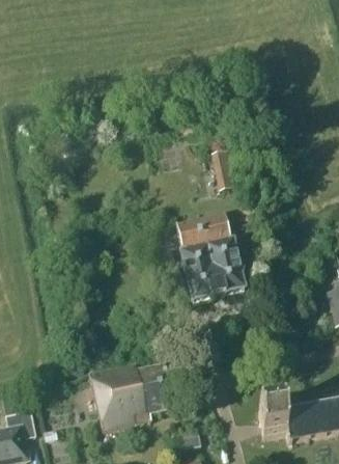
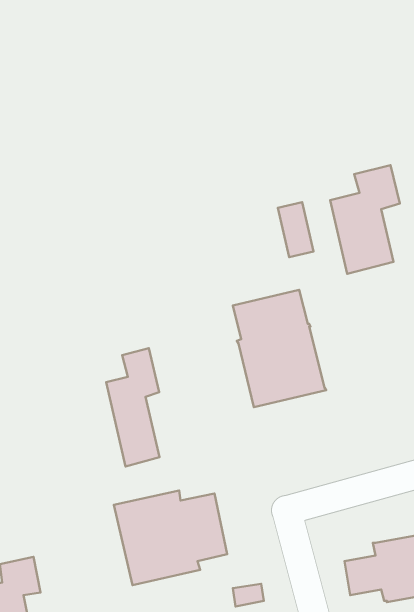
building: none -> [330,165,400,274]
building: none -> [106,348,159,467]

